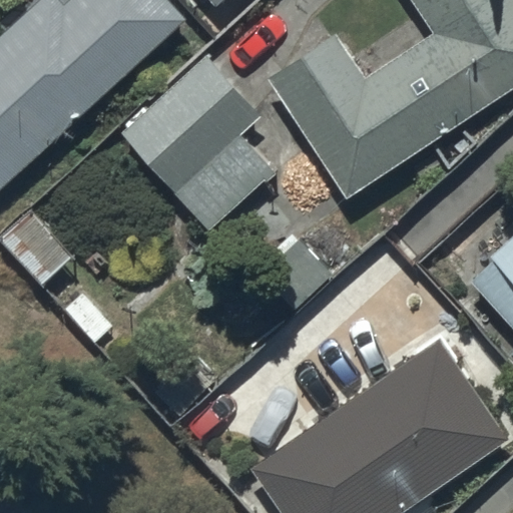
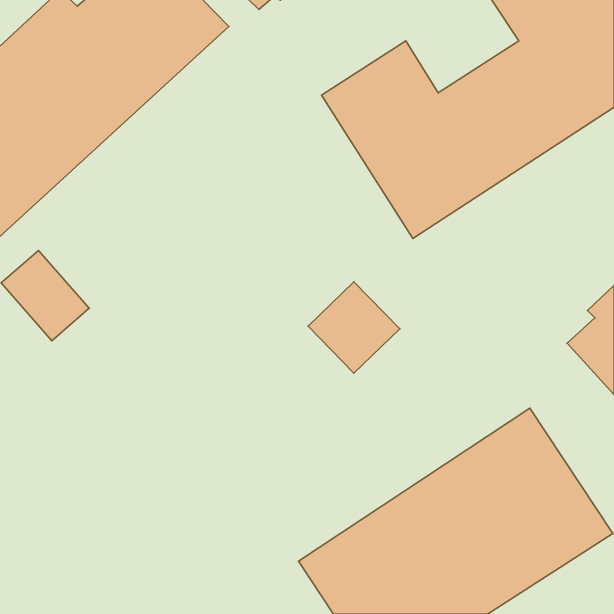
building: [119,57,277,232] -> none

